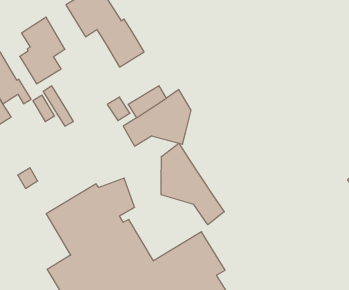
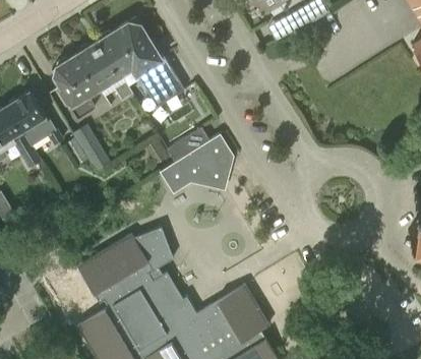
building: none -> [78,40,133,102]
building: [161,143,224,225] -> none

